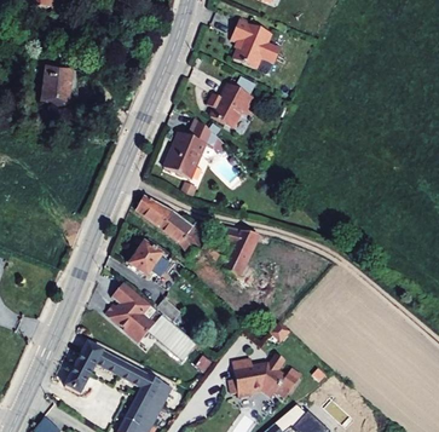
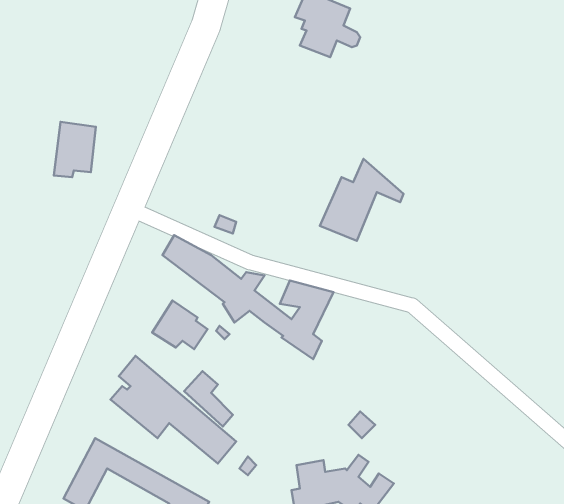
building: [41,64,71,104] -> [54,122,96,177]
building: [209,82,254,126] -> none
building: [164,116,225,175] -> [320,159,404,241]

